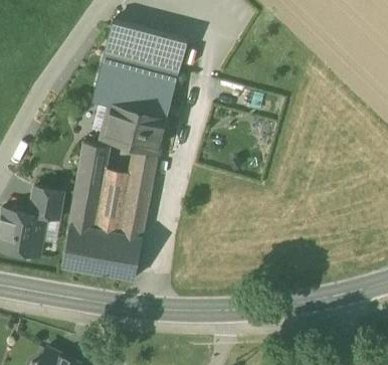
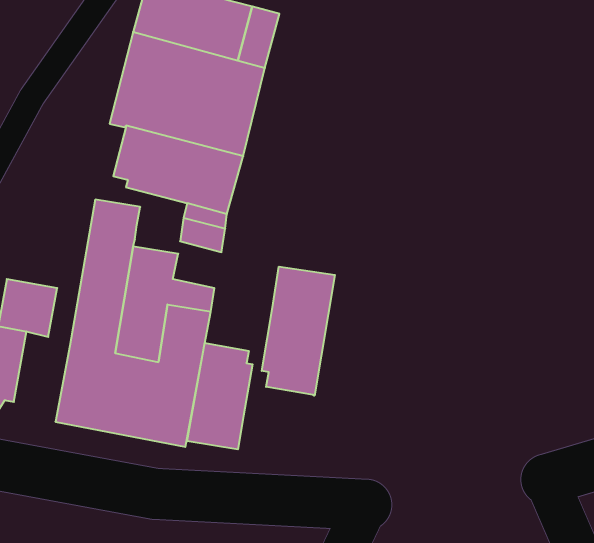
building: [127,167,154,193] -> none
building: none -> [262,267,335,396]
building: none -> [187,343,253,449]

